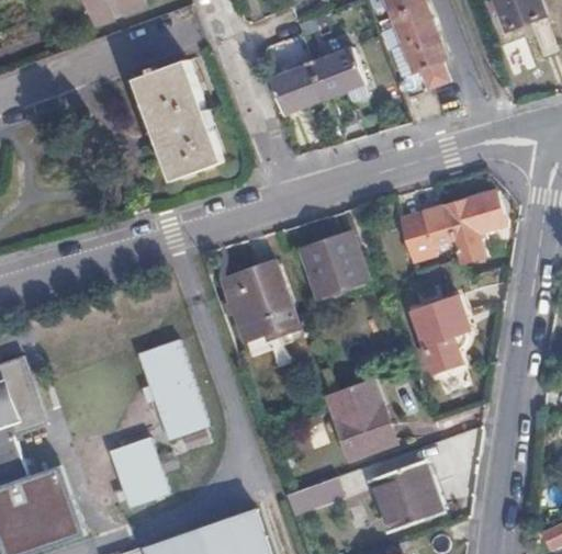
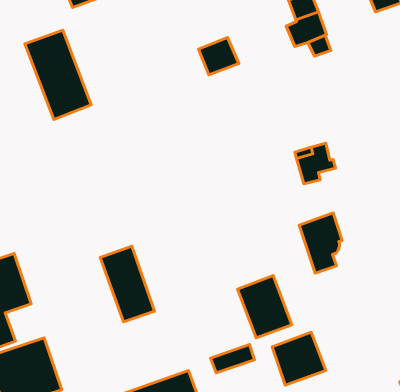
building: [310,45,366,95] -> none
building: [139,60,229,181] -> [25,30,91,119]
building: [442,188,505,261] -> none
building: [301,229,367,295] -> none
building: [224,258,299,352] -> none
building: [110,440,169,509] -> none

